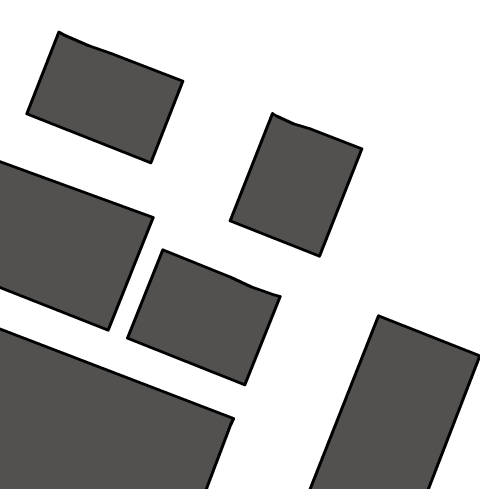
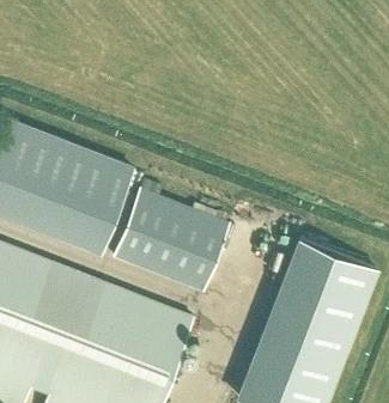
building: [27,32,183,163] -> none
building: [230,113,362,256] -> none

